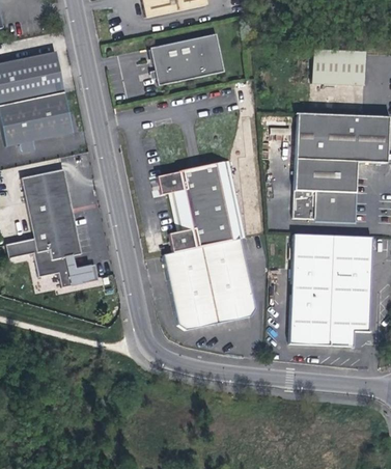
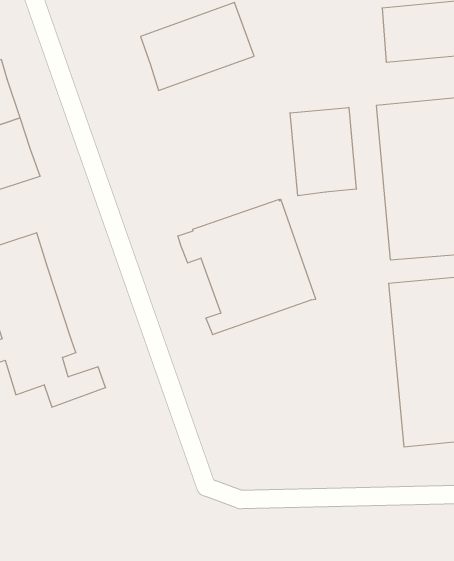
building: none -> [290,107,356,196]
building: [162,237,255,329] -> none

